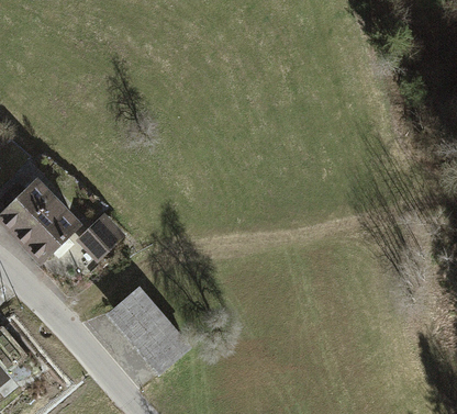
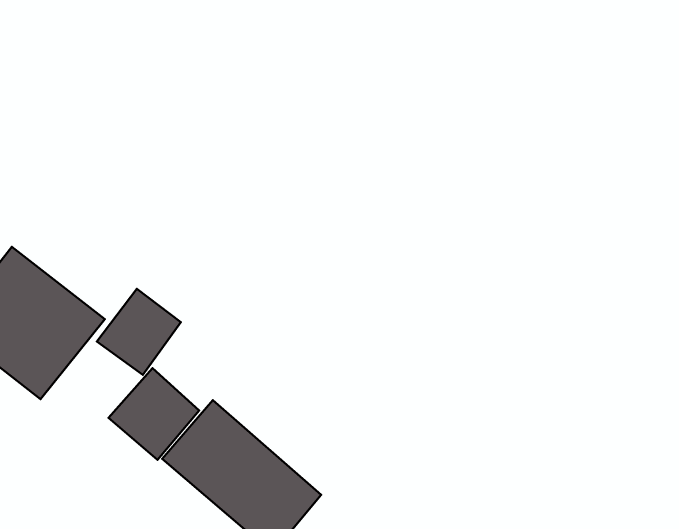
building: none -> [108,368,199,460]

